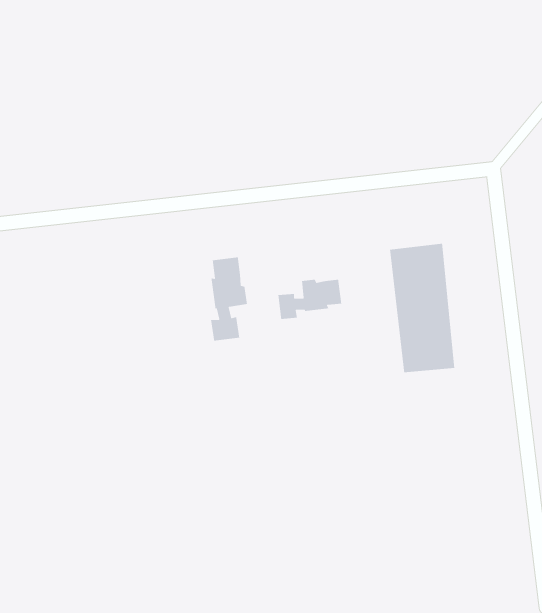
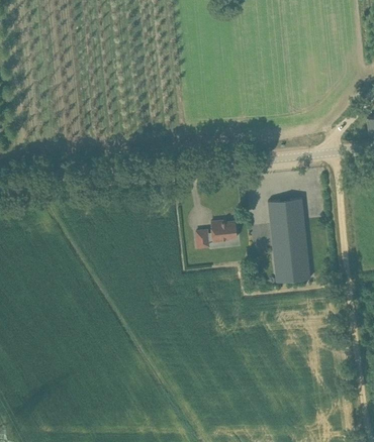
building: [210,257,248,342] -> none

